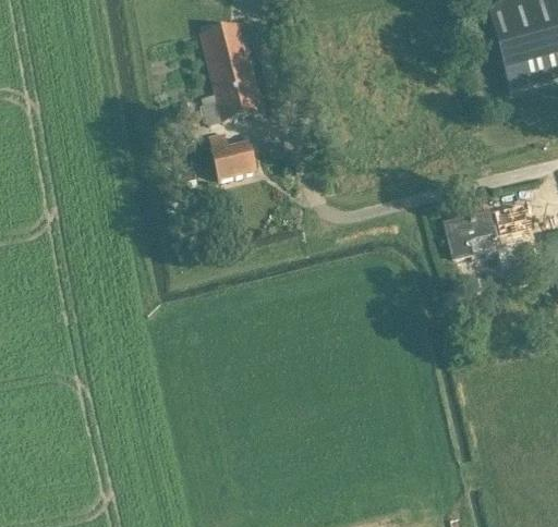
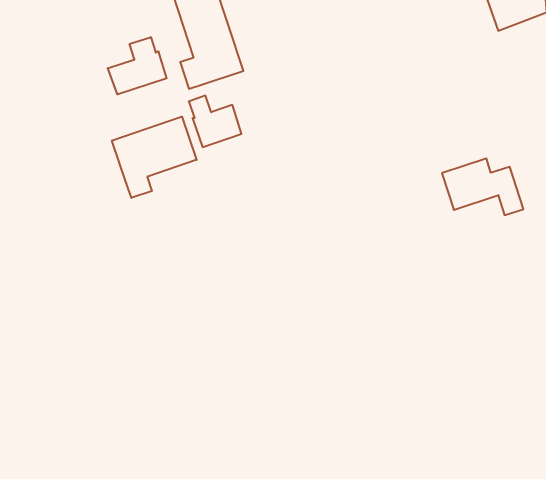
building: none -> [108,37,167,94]
building: none -> [112,117,197,198]

